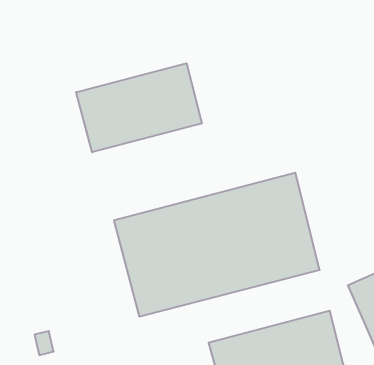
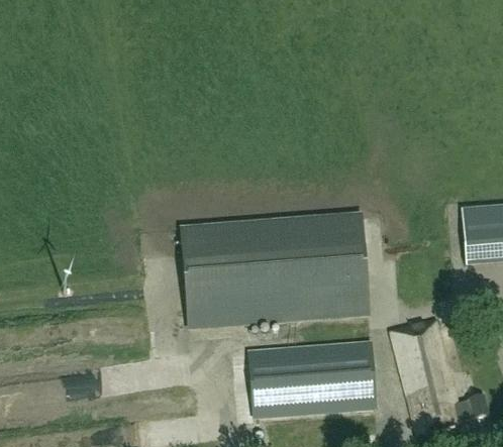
building: [76,63,202,152] -> none

